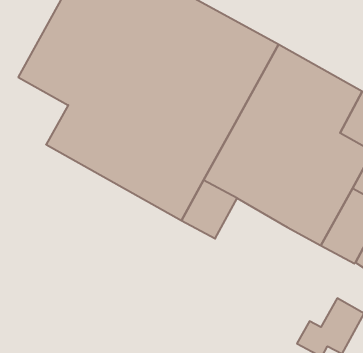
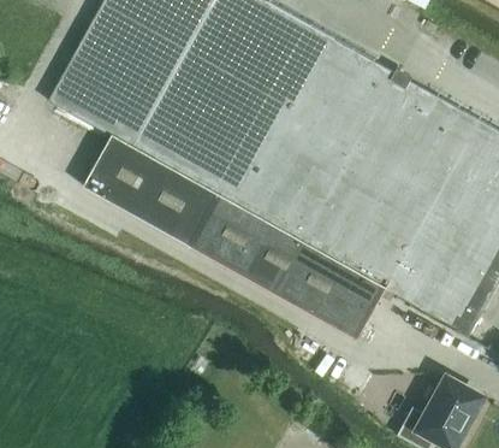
building: none -> [295,252,385,337]

